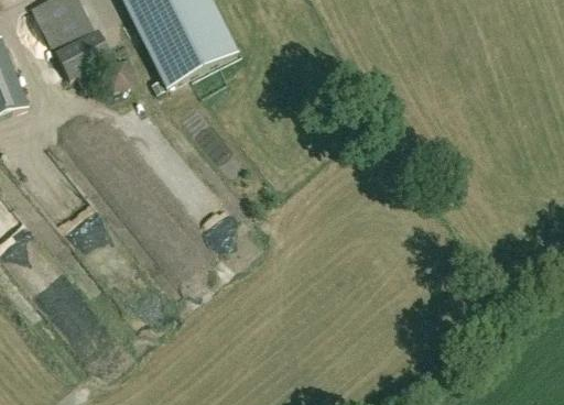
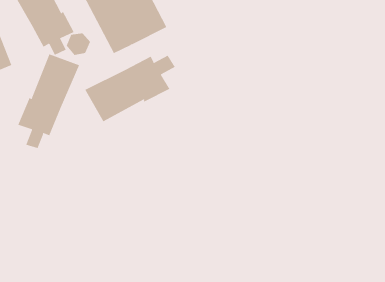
building: none -> [18,54,80,149]
building: none -> [85,55,175,122]

